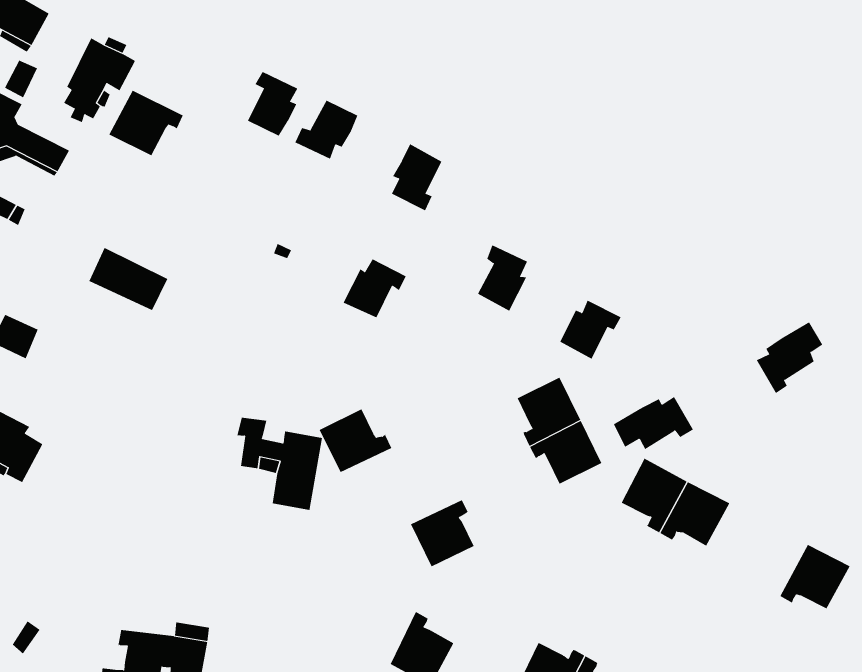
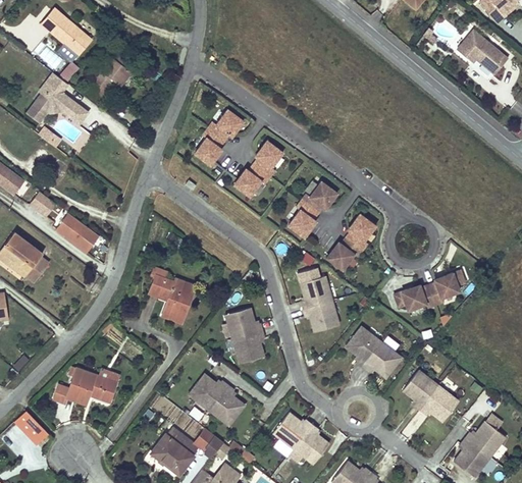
building: [247,71,298,137] -> [195,128,224,164]
building: [109,90,184,156] -> none
building: none -> [301,180,336,212]
building: [89,247,168,311] -> [57,213,99,251]
building: none -> [346,213,375,250]
building: [343,259,406,318] -> [233,164,269,196]
building: [613,396,694,450] -> [394,284,435,310]
building: [319,409,392,473] -> [225,307,262,338]
building: none -> [402,369,438,410]
building: none -> [189,373,227,410]

